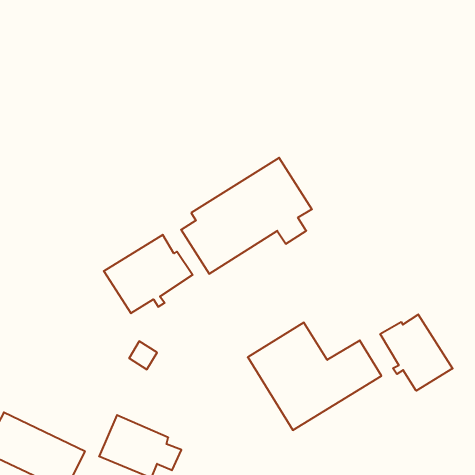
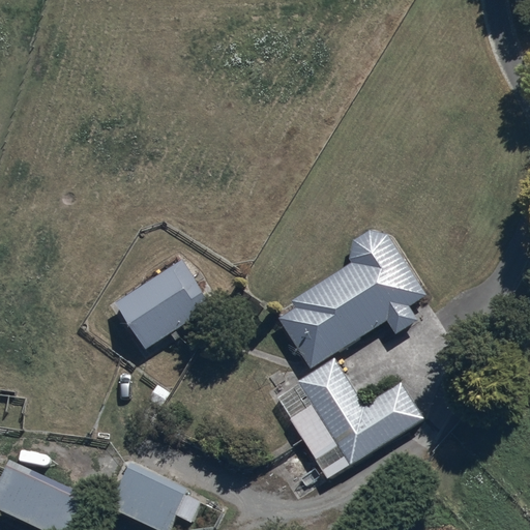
building: [181,158,312,274] -> [279,239,424,367]
building: [380,314,453,391] -> none

